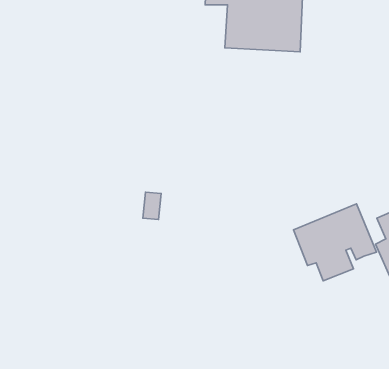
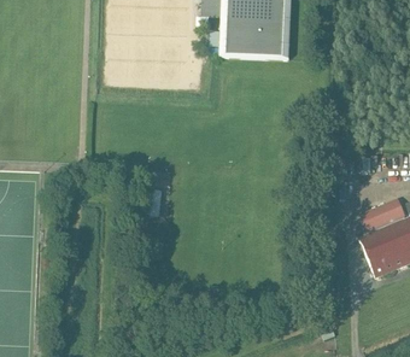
building: [294,204,377,281] -> none

